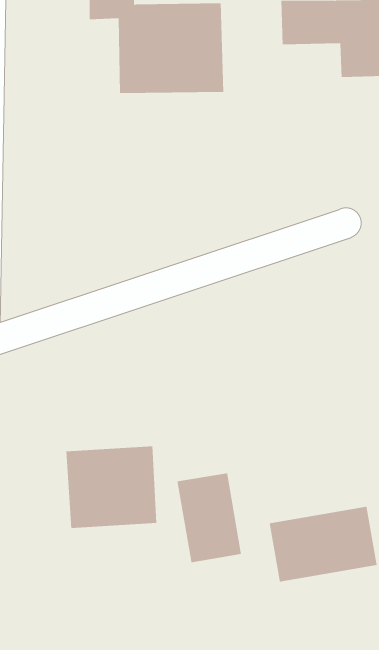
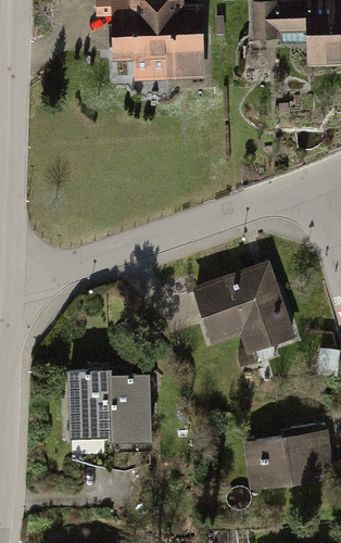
building: none -> [192,258,290,350]
building: [177,472,242,563] -> none

